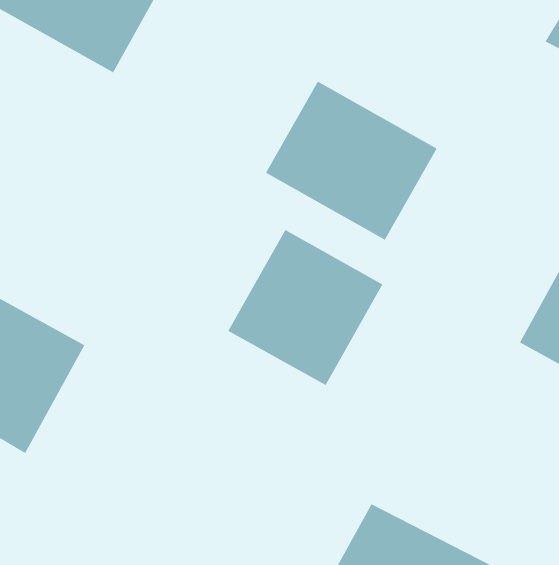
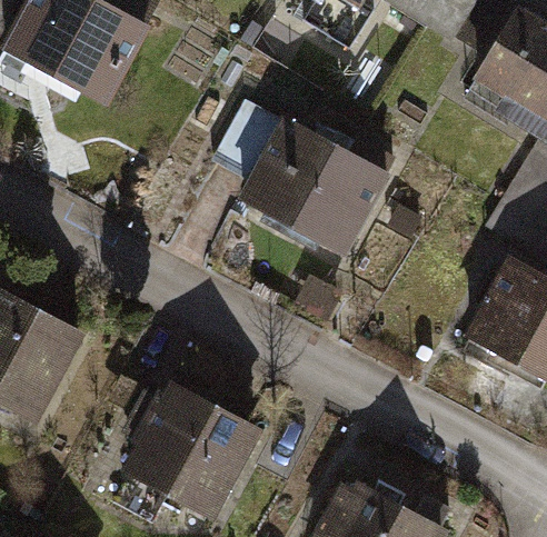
building: [228,229,383,386] -> none
building: none -> [99,389,250,530]

